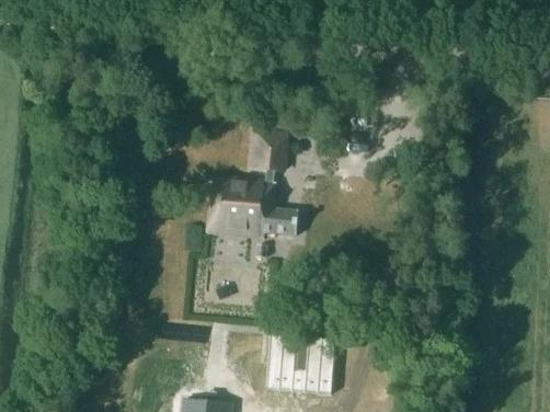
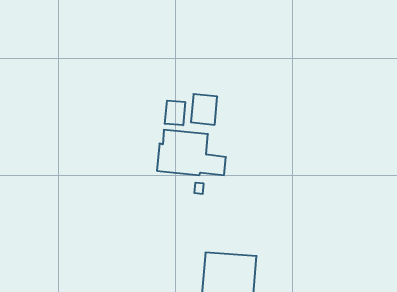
building: none -> [165,101,185,125]

